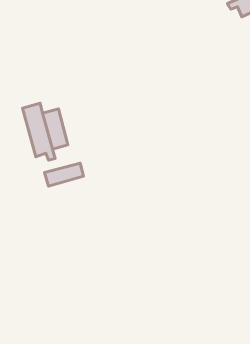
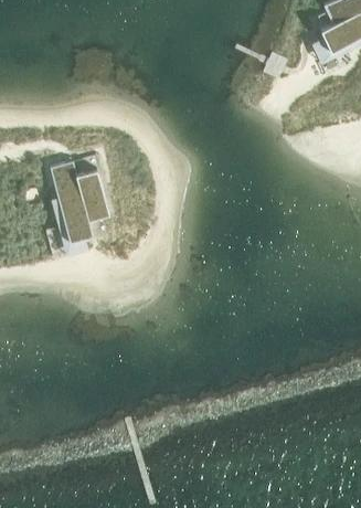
building: [45,163,83,186] -> none

